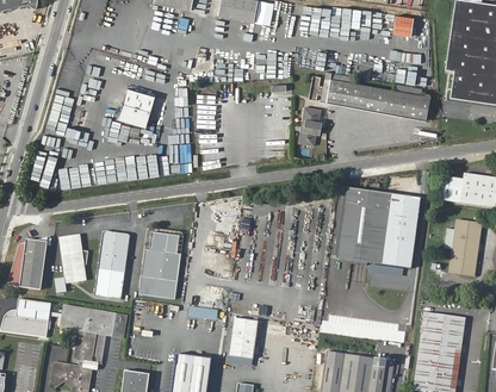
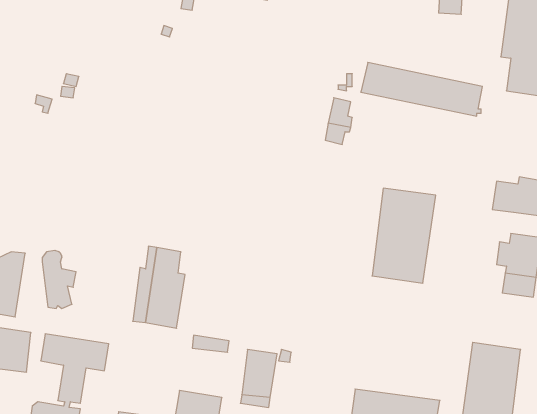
building: [119,88,157,127] -> none
building: [382,188,421,266] -> none
building: [92,231,128,300] -> none

